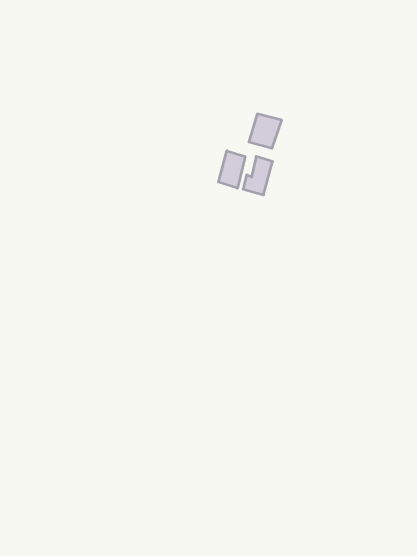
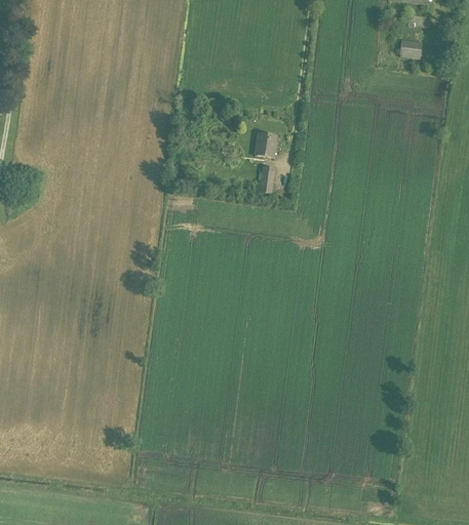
building: [218,151,245,188] -> none

